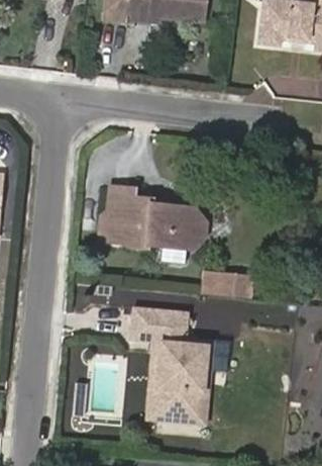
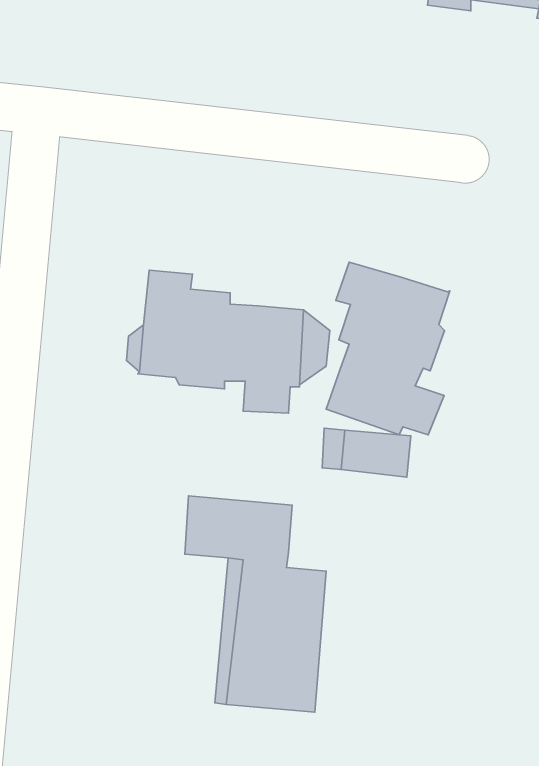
building: none -> [326,262,450,435]
building: [183,336,212,423] -> none

